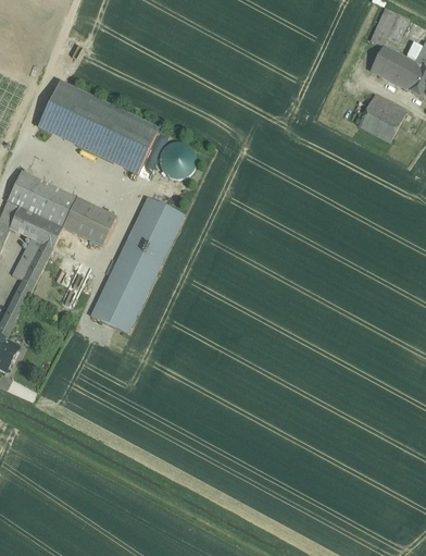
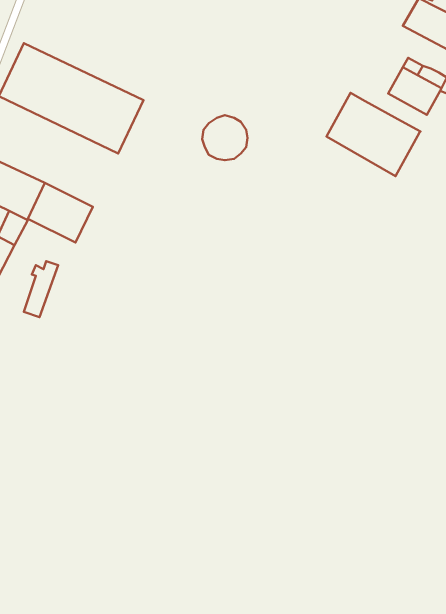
building: none -> [327,93,421,176]
building: [159,140,196,177] -> [202,115,247,160]
building: [90,197,184,333] -> none

